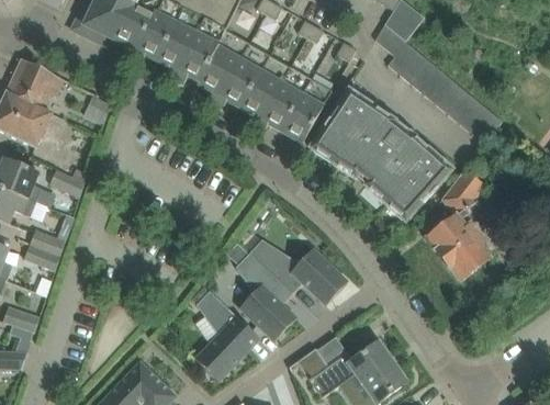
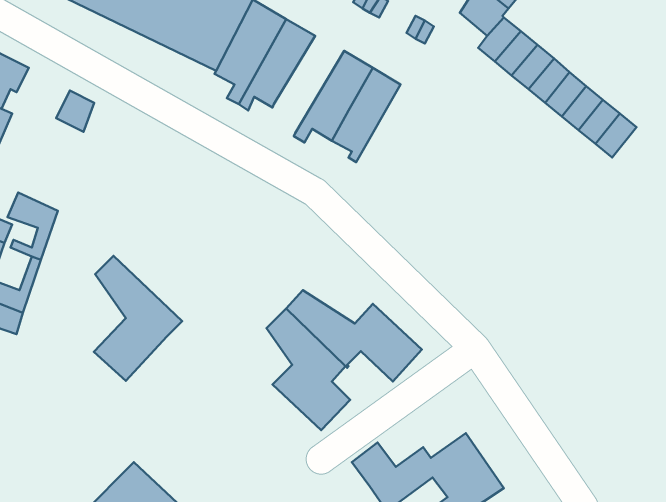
building: [239,55,291,127] -> none
building: [310,89,452,221] -> none
building: [427,168,491,279] -> none
building: [195,290,259,380] -> [94,256,182,381]

